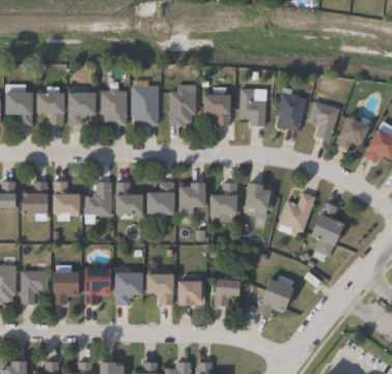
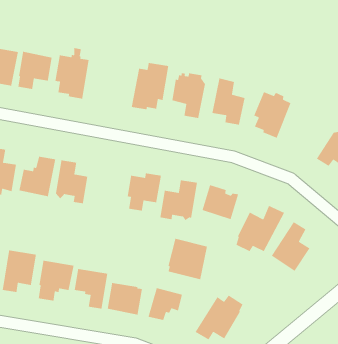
building: [131,86,159,126] -> none
building: [308,102,340,141] -> none
building: [146,181,174,222] -> none
building: none -> [167,238,208,280]

